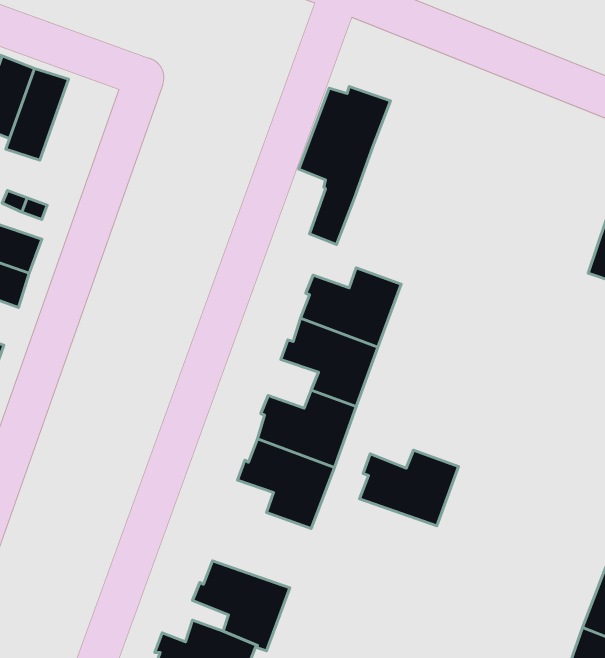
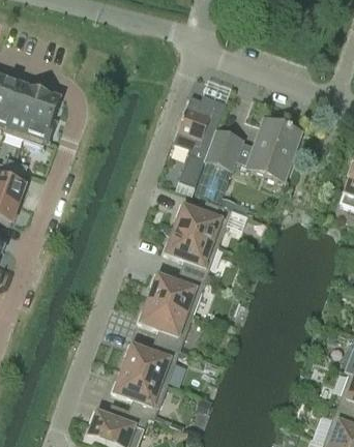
building: none -> [24,90,60,144]
building: none -> [196,117,301,201]
building: [360,450,458,526] -> [123,339,180,383]

